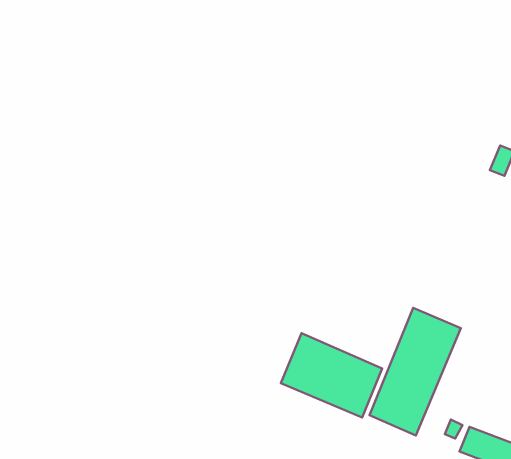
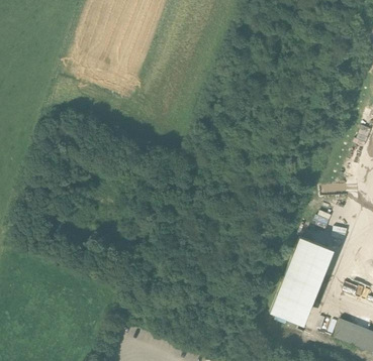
building: [281,333,382,417] -> none

